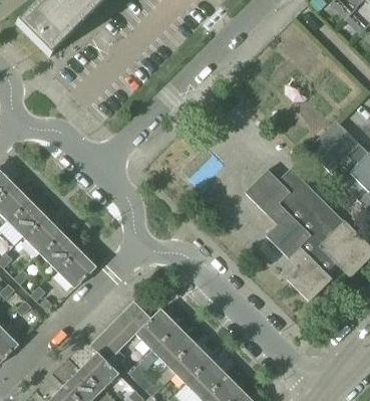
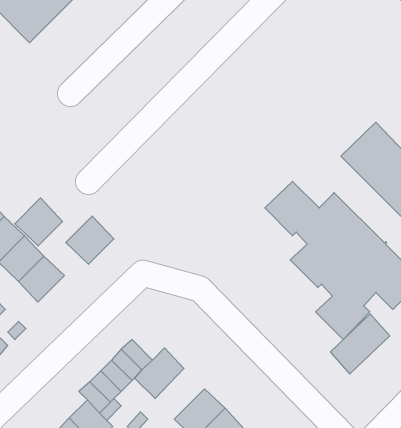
building: none -> [15,198,63,246]
building: [56,247,96,287] -> [66,216,114,264]
building: none -> [330,314,390,374]
building: [153,325,195,367] -> none

